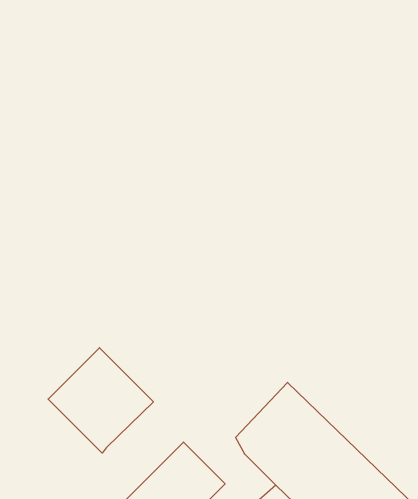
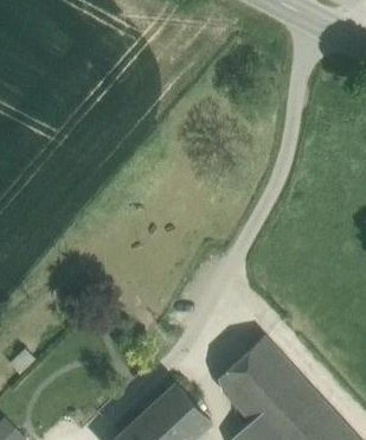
building: [48,348,153,453] -> none

